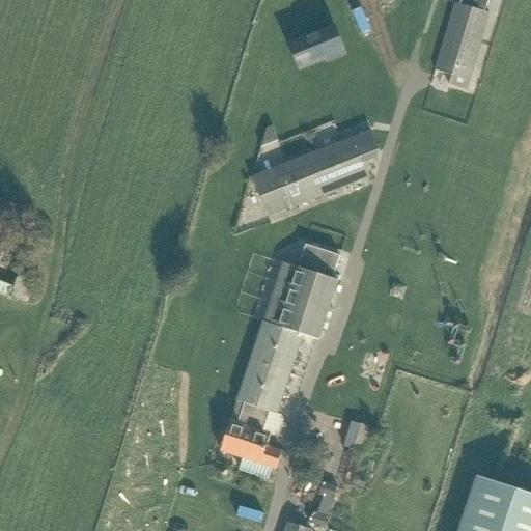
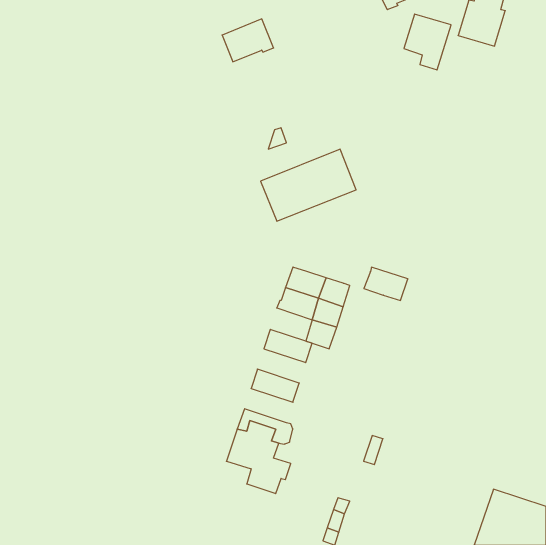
building: [294,23,343,64] -> [222,19,274,62]
building: [432,34,478,88] -> [404,14,451,70]
building: [329,129,378,184] -> none
building: [297,242,339,274] -> [364,267,408,300]
building: [261,298,302,330] -> none
building: [249,337,296,370] -> none
building: [236,375,283,409] -> none

